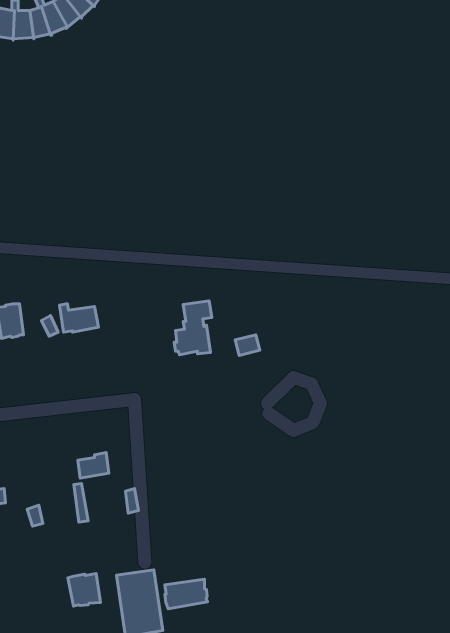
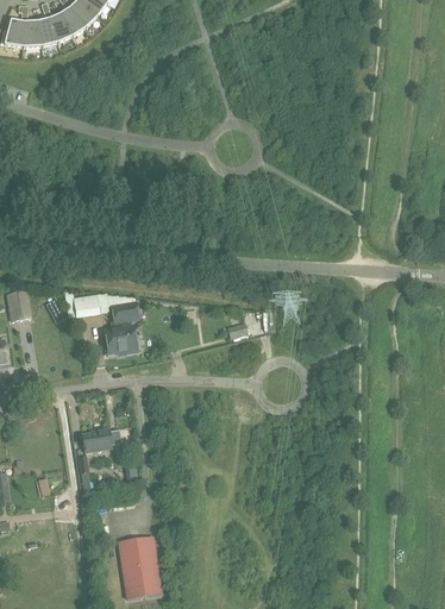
building: [174,301,212,355] -> [104,303,138,353]
building: [68,574,101,606] -> none
building: [165,579,207,609] -> none

